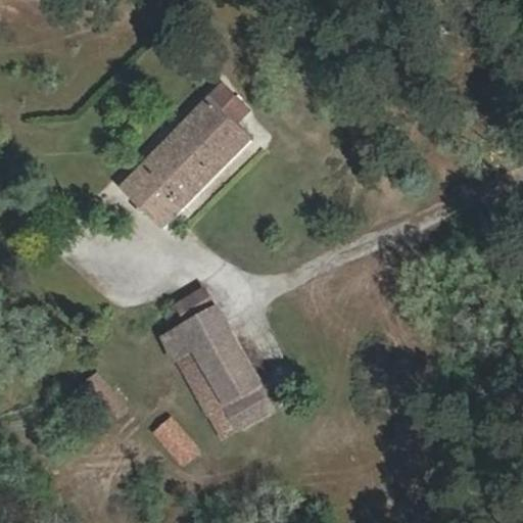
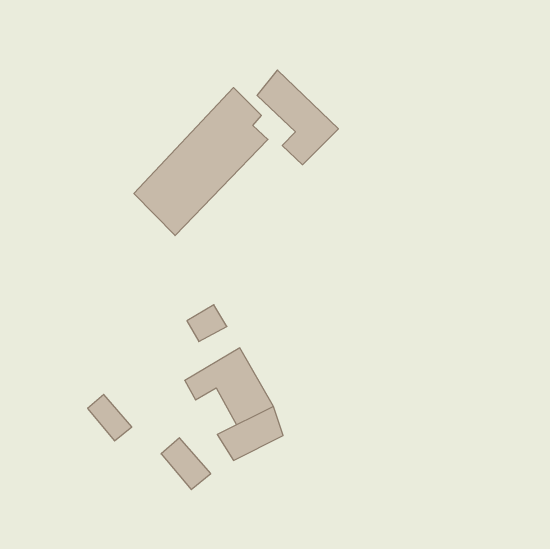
building: none -> [257,70,338,165]
building: [162,308,227,360] -> none
building: [185,367,224,411] -> none

